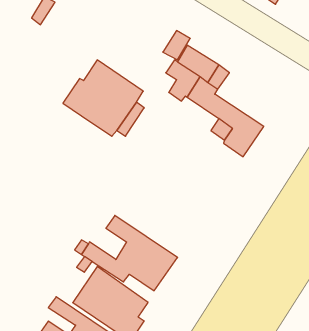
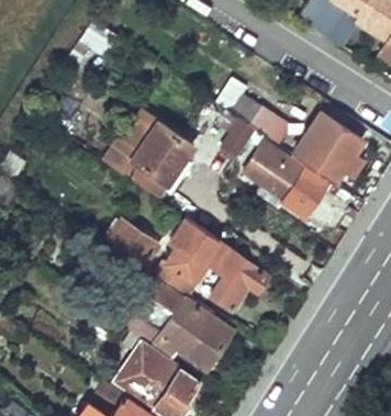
building: none -> [293,112,368,183]
building: none -> [155,218,270,313]
building: none -> [107,220,159,267]

